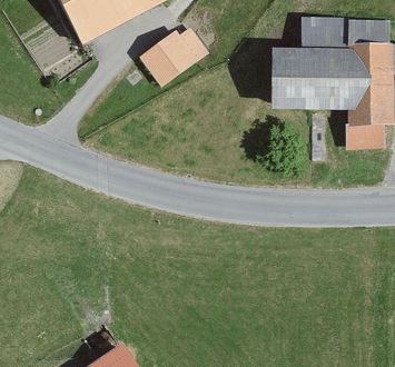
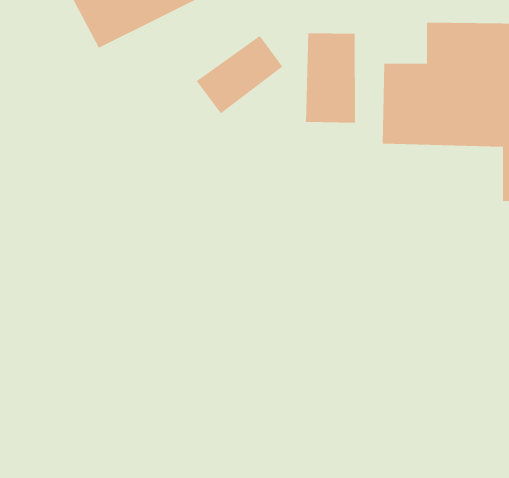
building: none -> [305,33,356,123]

